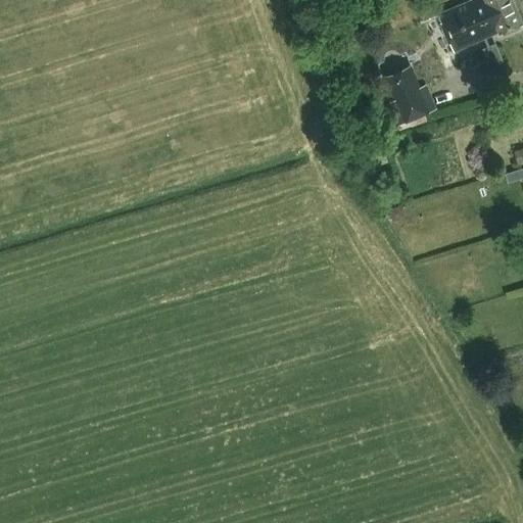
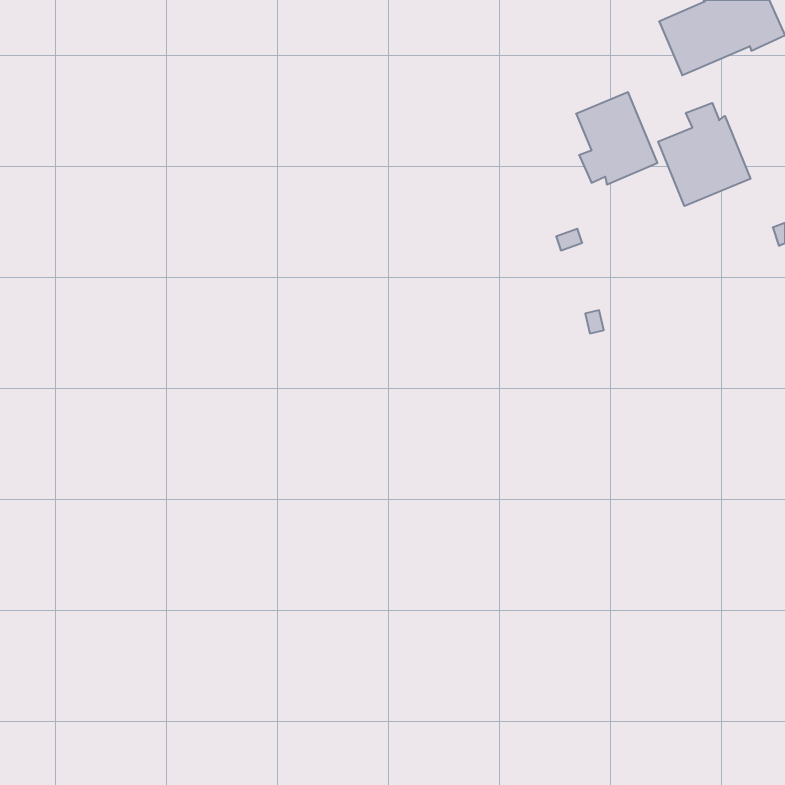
building: none -> [658,103,750,206]

